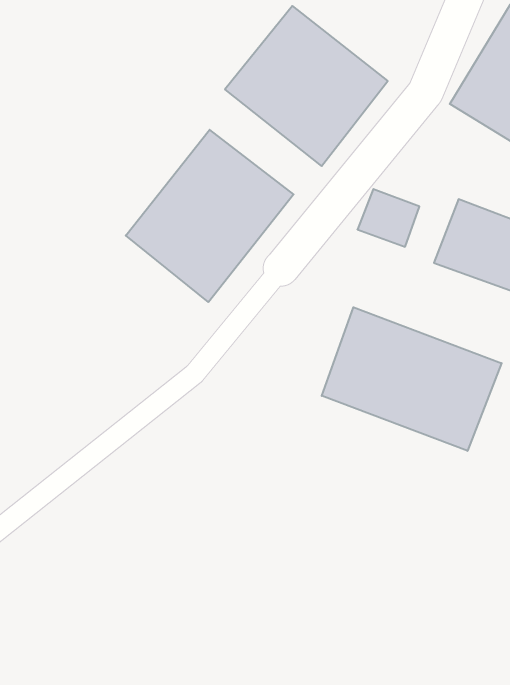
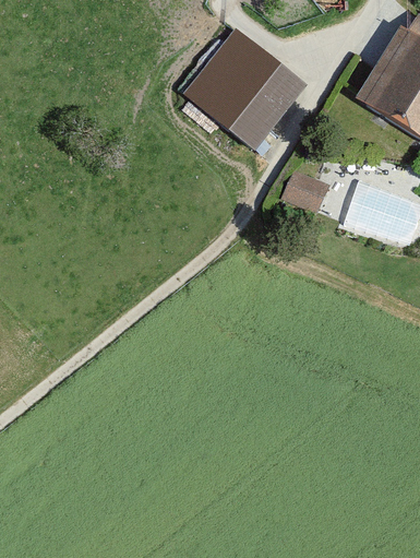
building: [126,130,294,302] -> none
building: [322,307,502,451] -> none

